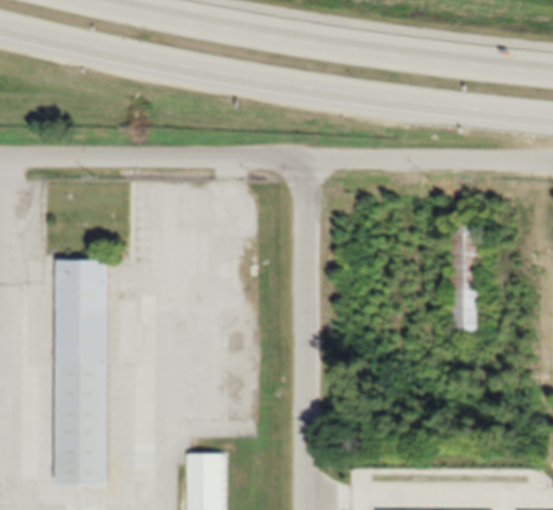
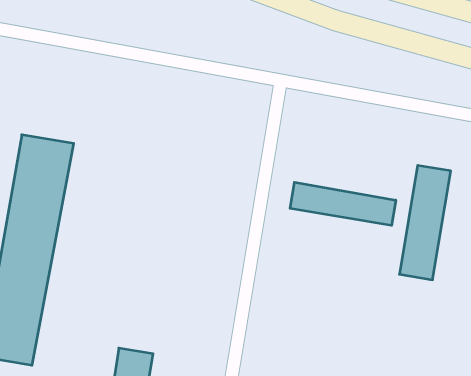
building: none -> [290,182,396,225]

